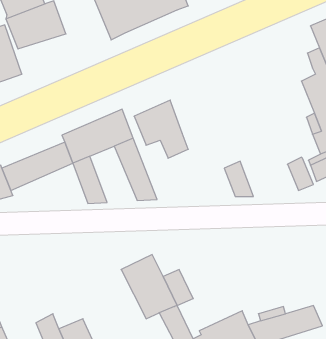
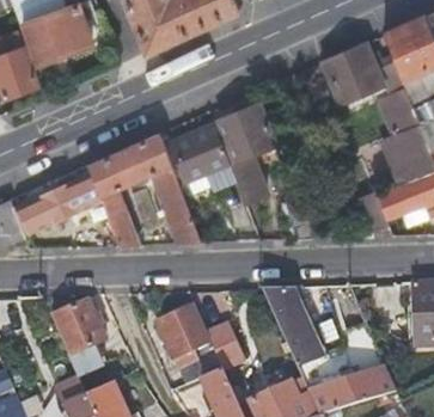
building: none -> [317,39,385,106]
building: none -> [220,103,275,201]
building: none -> [258,290,323,366]
building: none -> [55,299,106,378]

